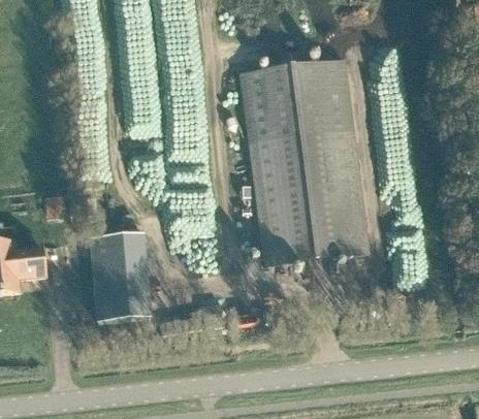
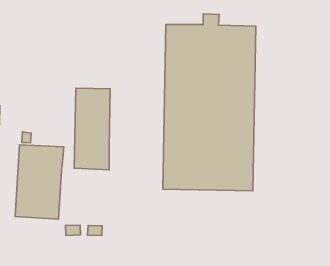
building: none -> [74,88,110,170]

